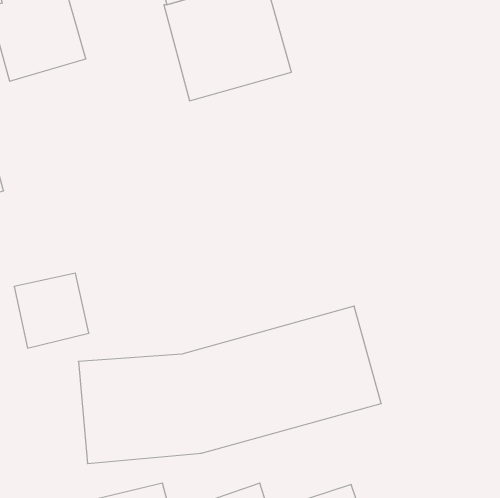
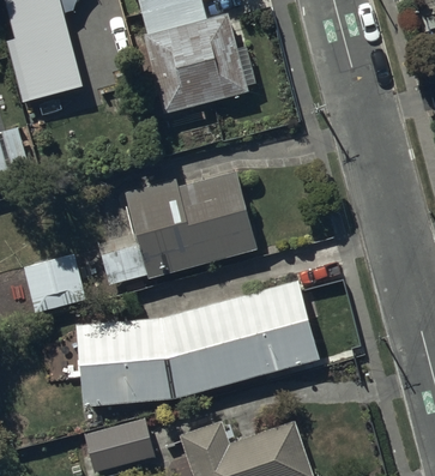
building: none -> [98,170,256,285]

